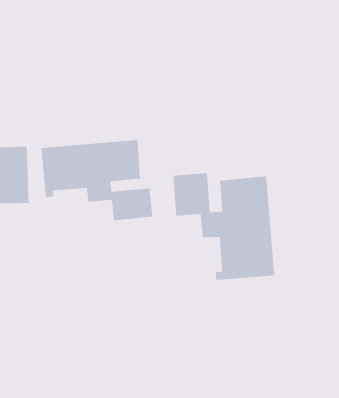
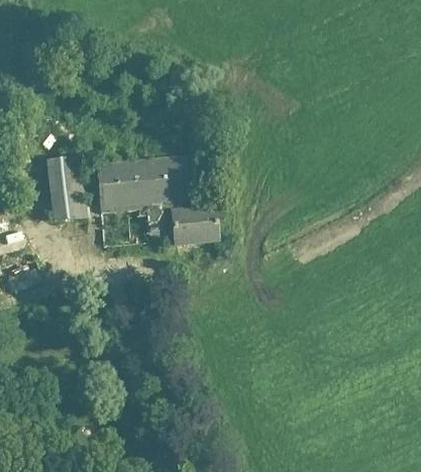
building: [172,173,275,281] -> none

